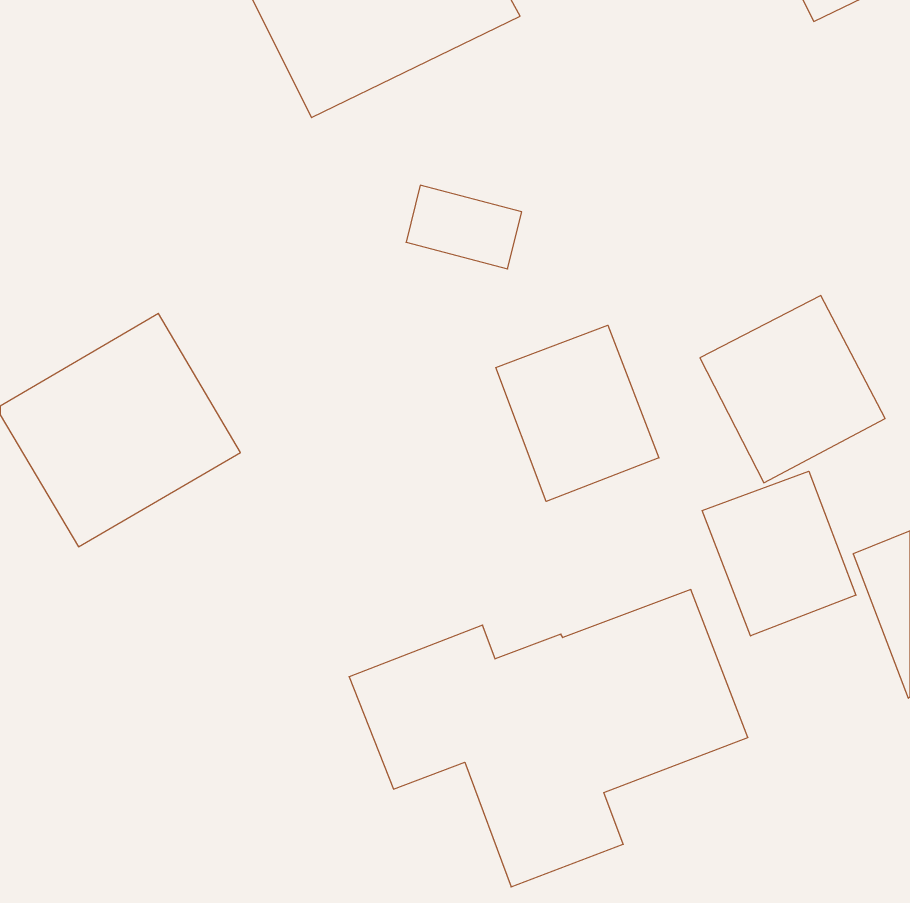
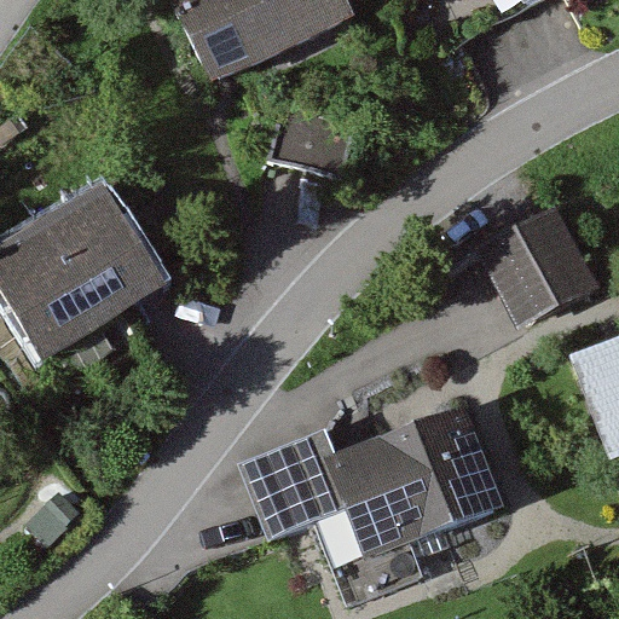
building: [496,325,659,501] -> none
building: [702,471,856,636] -> none

